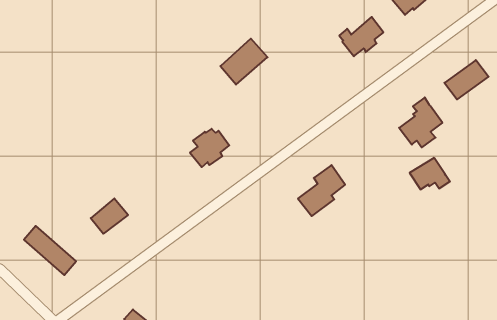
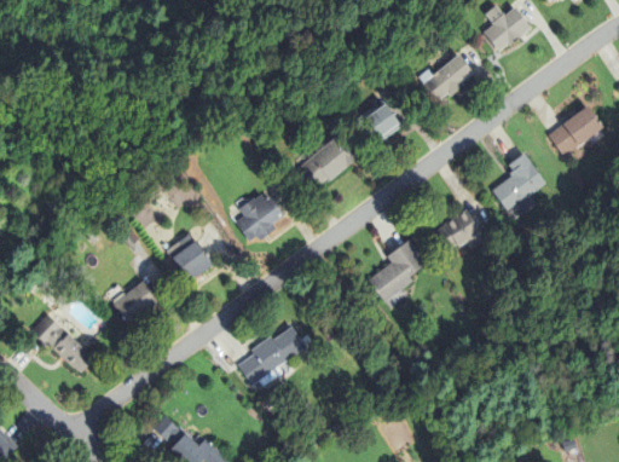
building: [220,39,268,85] -> [299,133,357,190]
building: none -> [361,105,400,146]
building: [410,158,450,189] -> [435,212,485,250]
building: none -> [166,232,213,281]
building: none -> [237,325,305,385]

